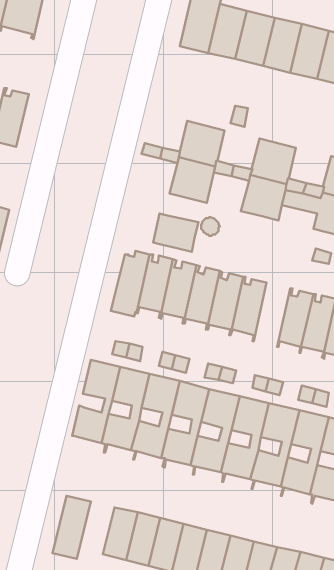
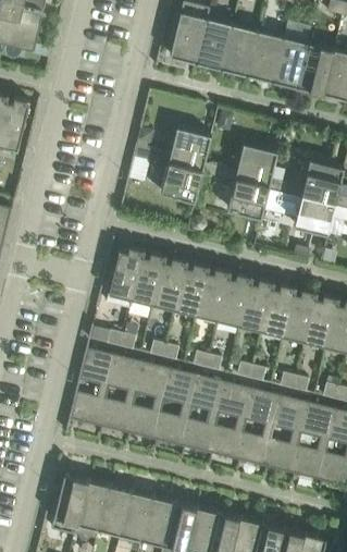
building: [153,214,199,252] -> none
building: none -> [237,277,271,336]
building: none -> [73,480,108,539]

